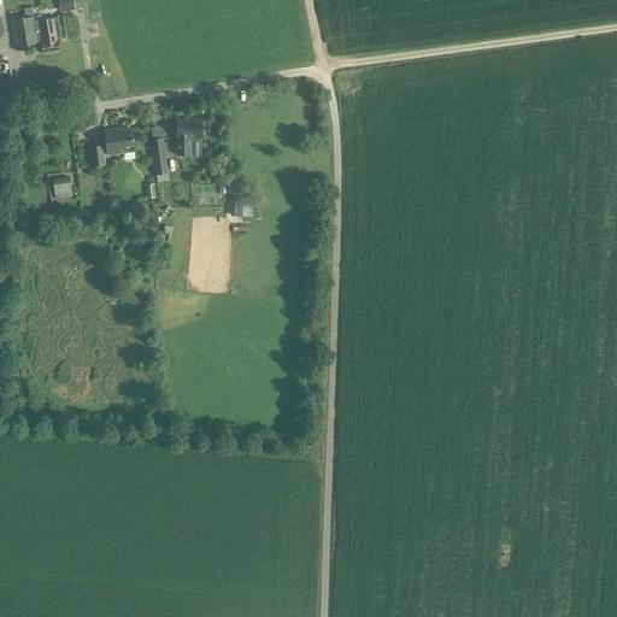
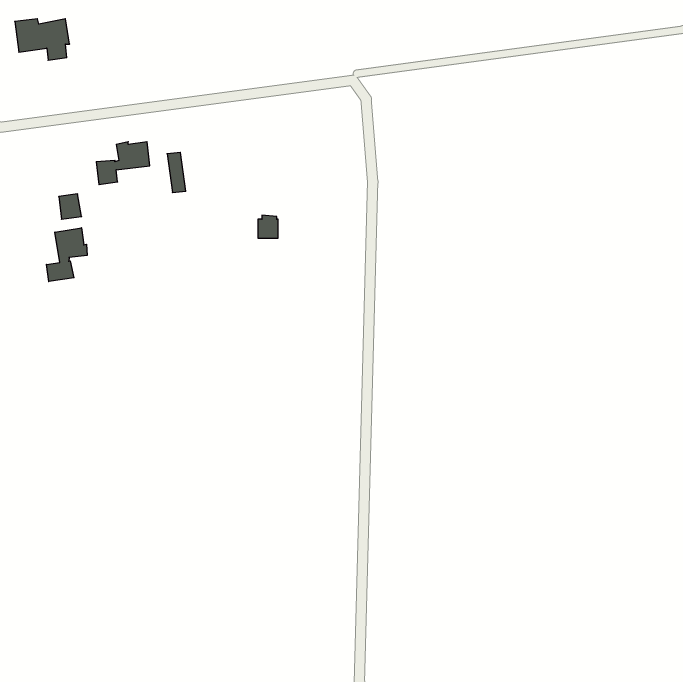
building: [177,119,202,153] -> none
building: none -> [46,228,87,282]

